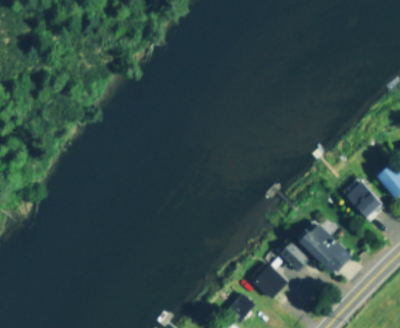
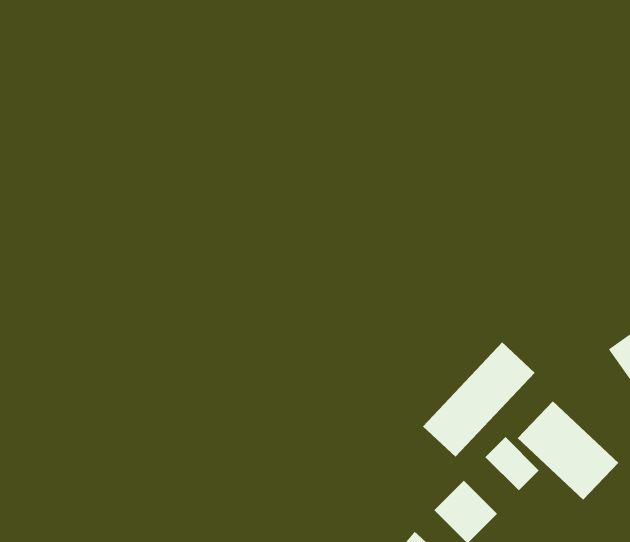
building: none -> [422,342,536,457]

